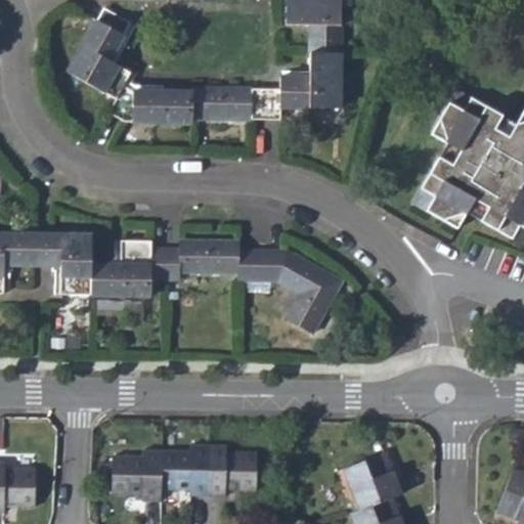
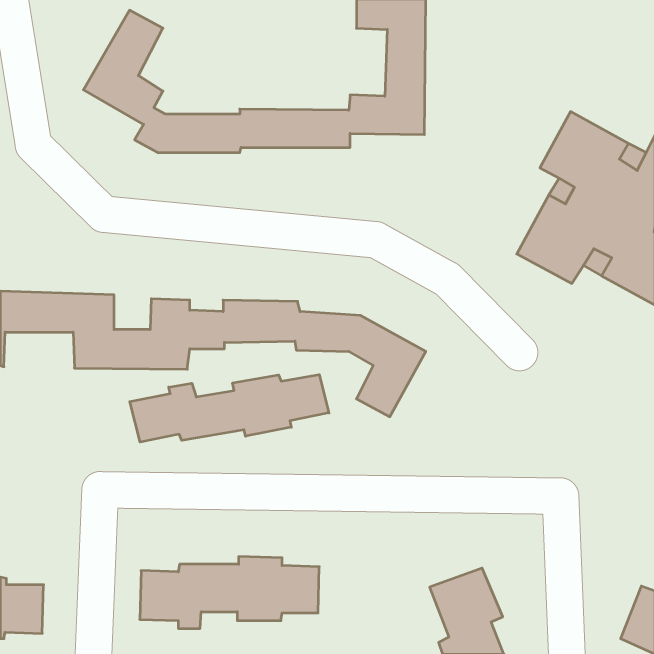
building: none -> [130,375,329,442]

